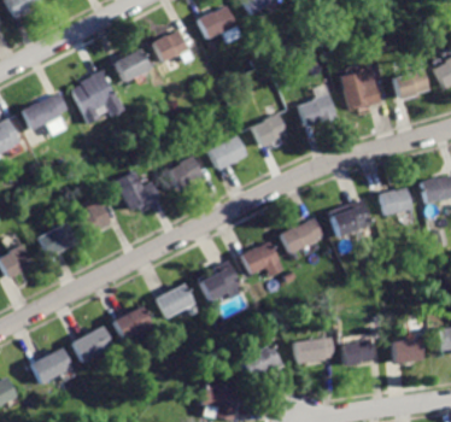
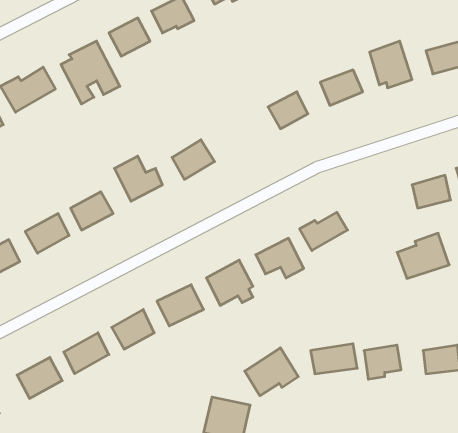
building: [210,134,247,169] -> none
building: [329,199,375,239] -> [397,233,449,278]

